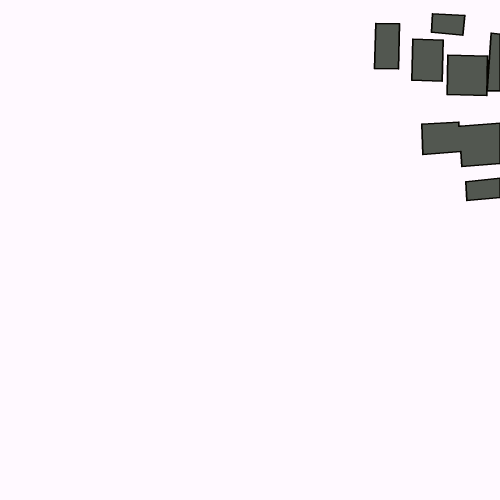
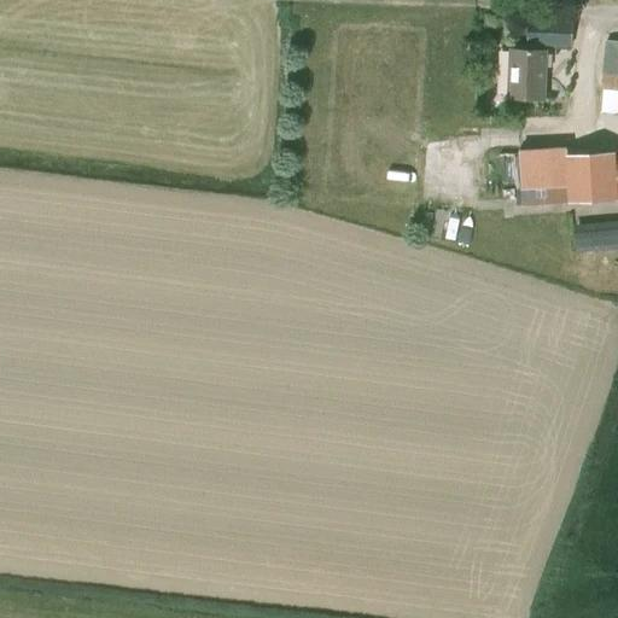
building: [375,23,399,69] -> none
building: [447,55,488,95] -> none

